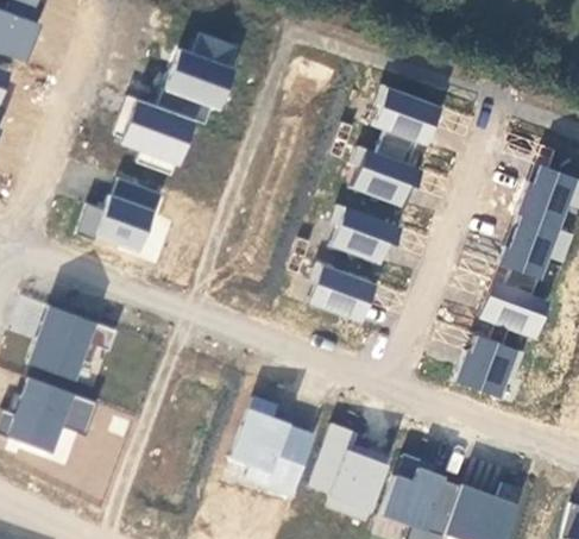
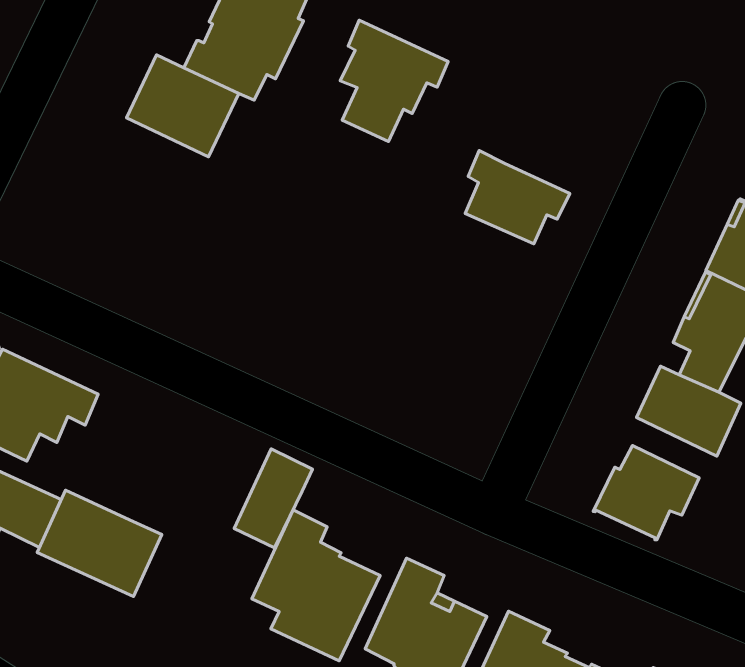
building: [373,86,445,165] -> [340,20,448,142]
building: [77,177,163,251] -> none
building: [331,205,401,264] -> none
building: [308,263,379,321] -> none
building: none -> [234,449,313,548]
building: none -> [37,490,162,597]

